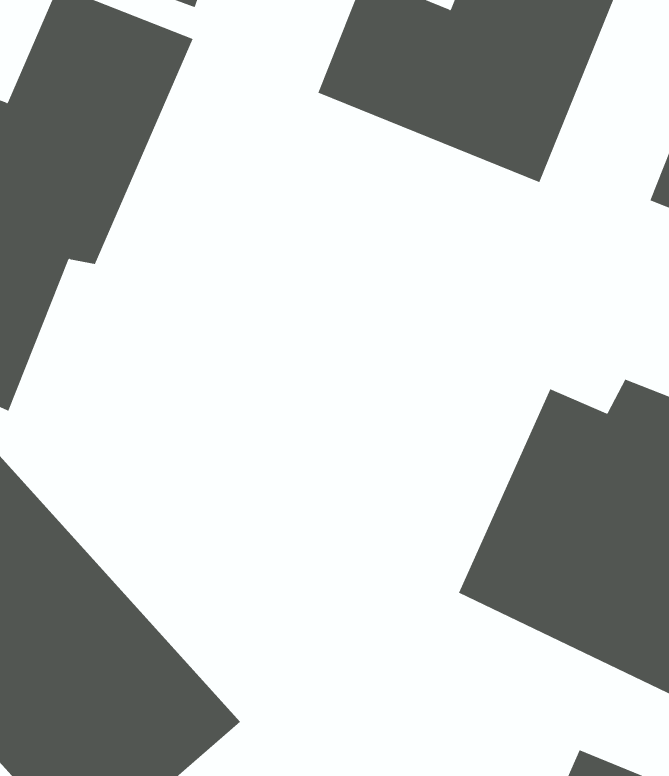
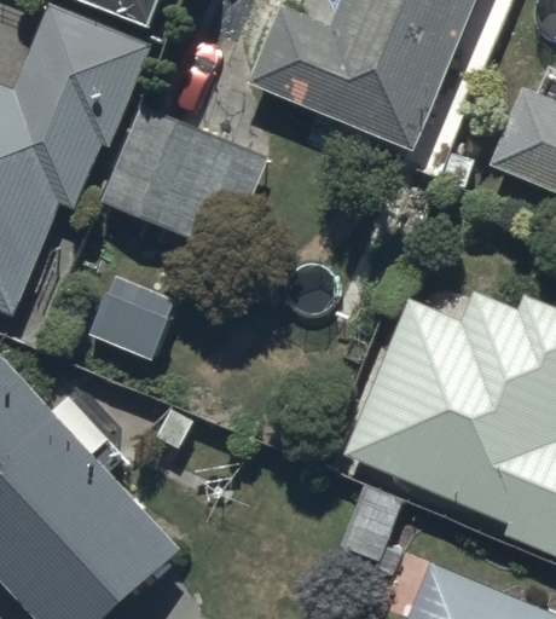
building: none -> [99,102,263,249]

